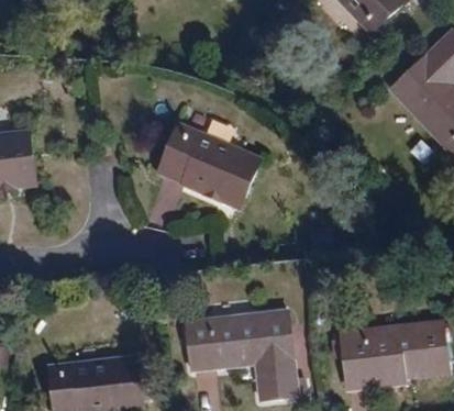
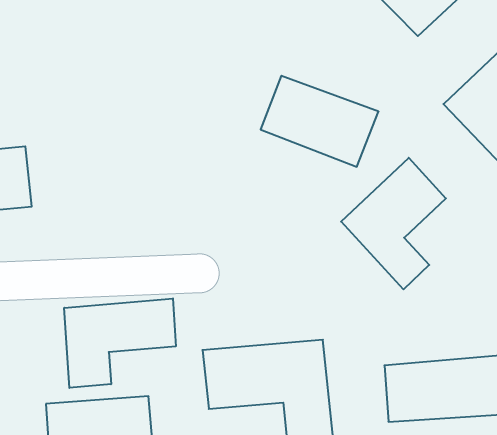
building: [160,130,262,208] -> [261,76,379,167]
building: none -> [341,158,446,289]
building: none -> [64,298,176,388]

